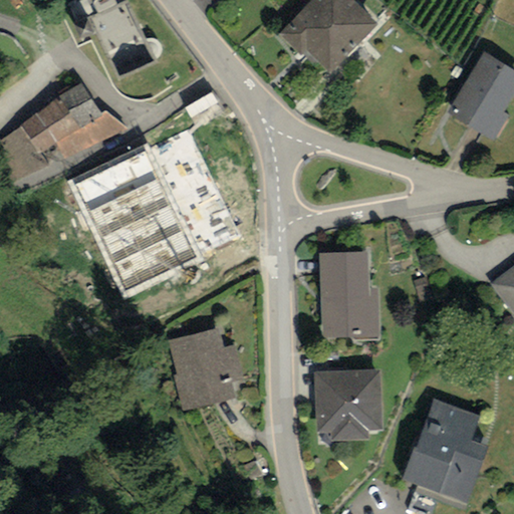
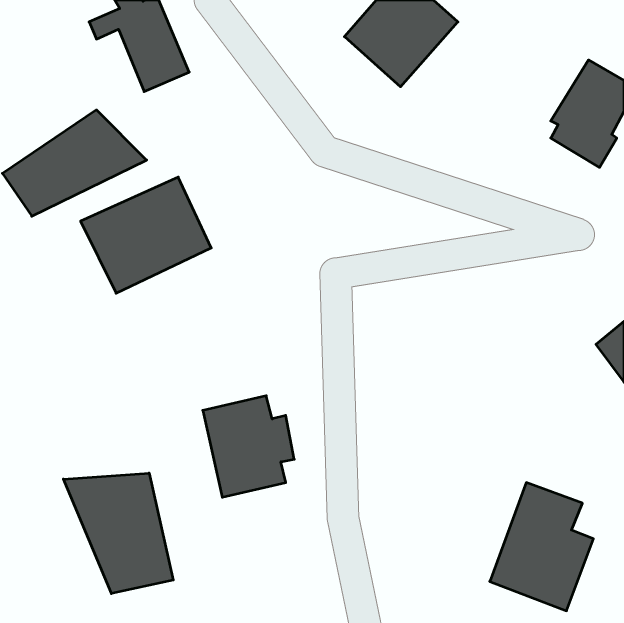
building: [95,205,202,300] -> none
building: [318,248,378,335] -> none
building: [314,366,380,437] -> none
building: none -> [63,473,173,594]

